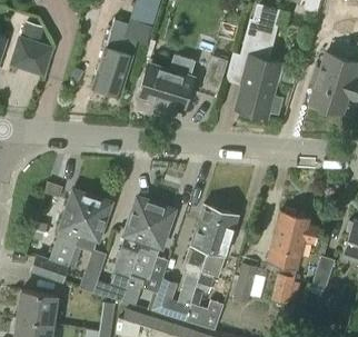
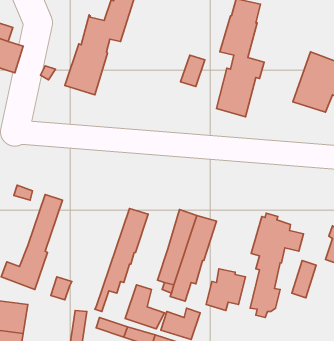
building: [139,57,195,111] -> none
building: [73,197,109,252] -> none
building: [109,198,155,299] -> none

